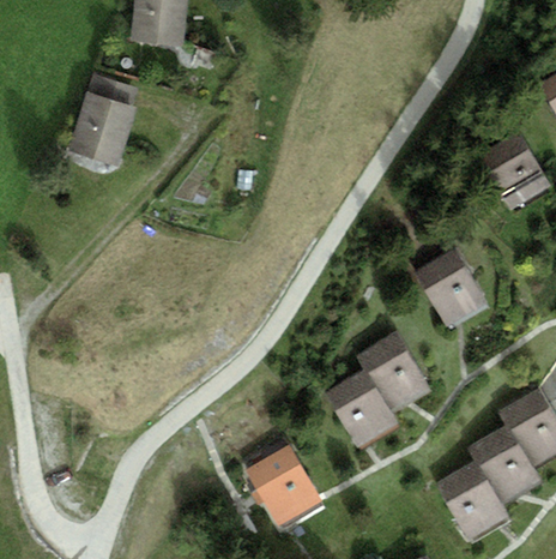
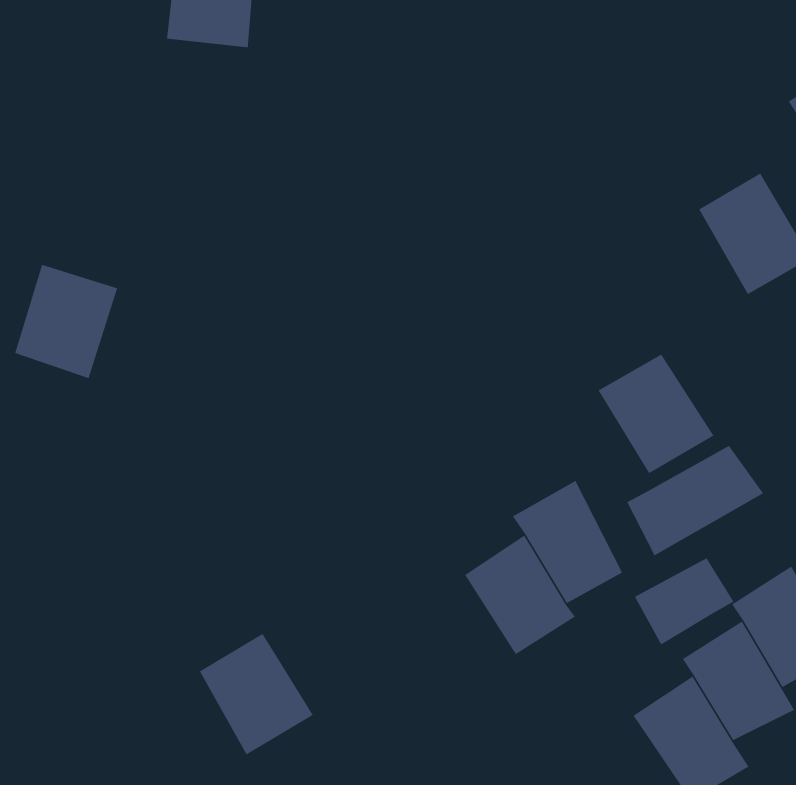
building: [68,90,137,166] -> [14,264,118,379]
building: none -> [626,445,764,556]
building: none -> [634,557,735,646]
building: [247,444,322,524] -> [199,633,314,755]

